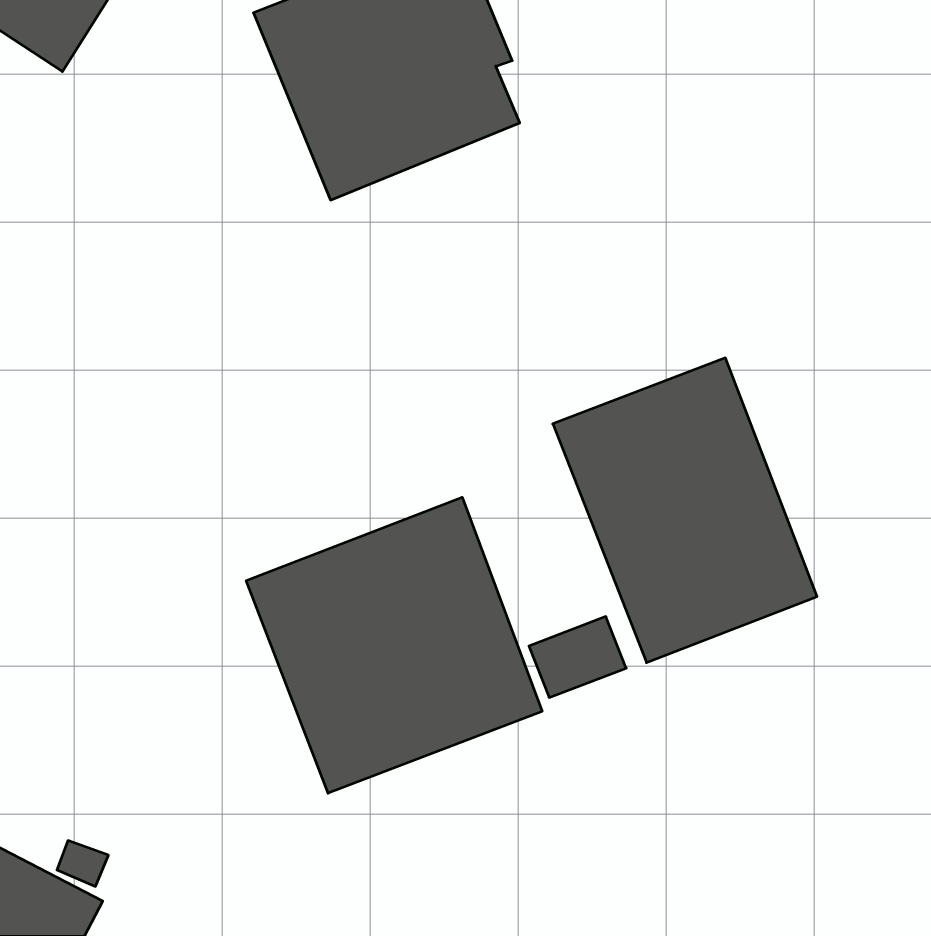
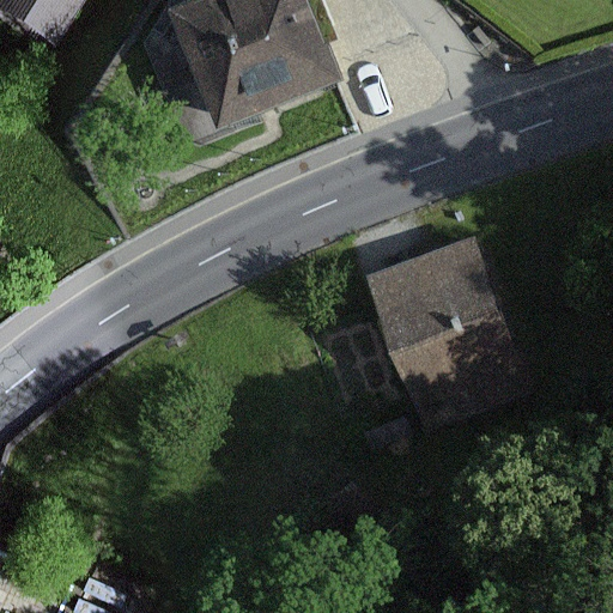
building: [246,497,542,793] -> none

